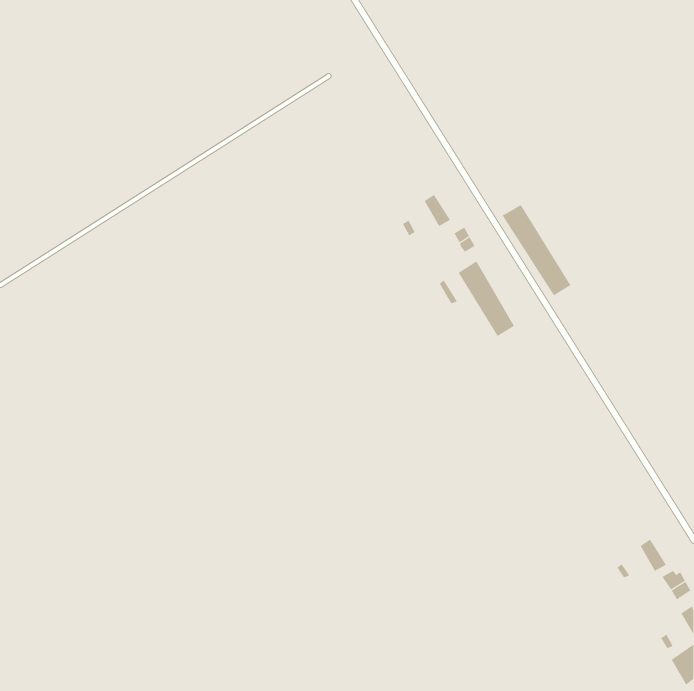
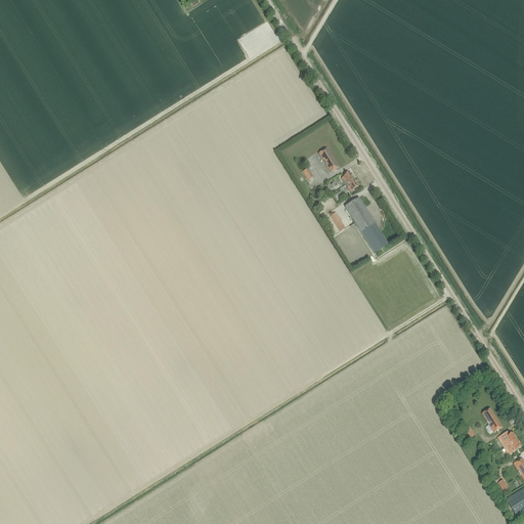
building: [502,204,571,296] -> none

